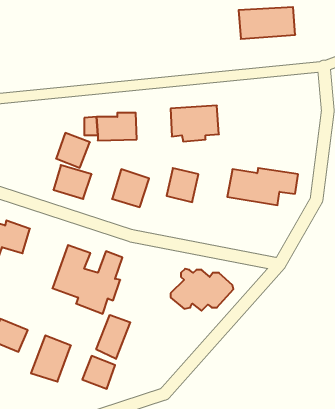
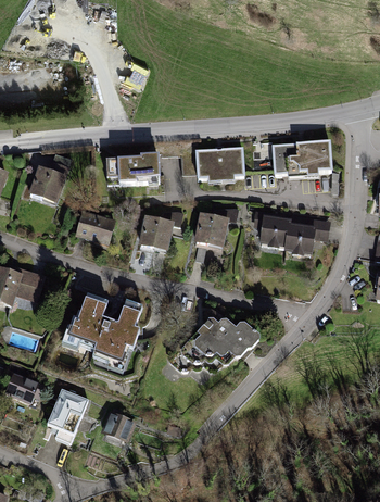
building: [239,7,295,39] -> [274,140,333,174]
building: [56,133,90,168] -> [28,166,64,203]
building: [96,315,130,359] -> none

